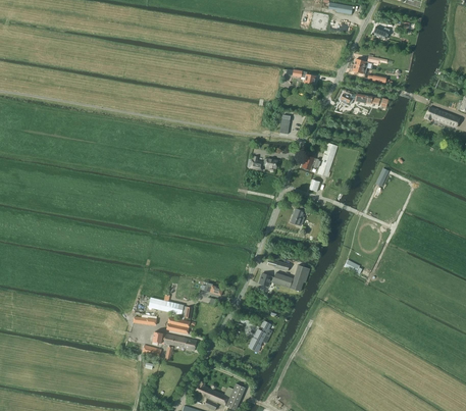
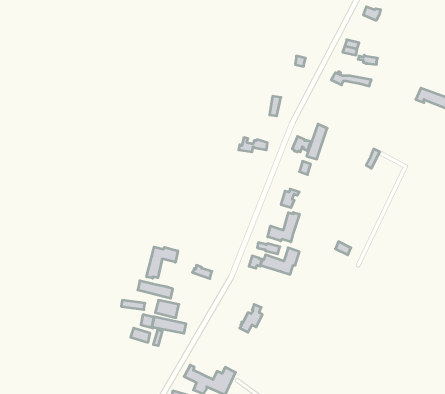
building: none -> [268,212,299,242]
building: none -> [147,247,178,278]

